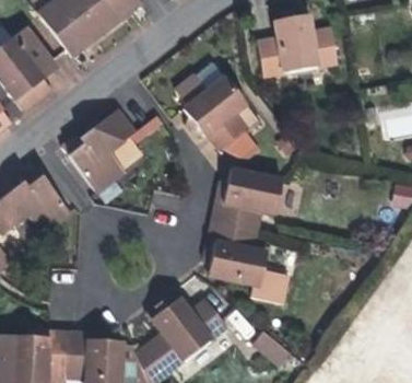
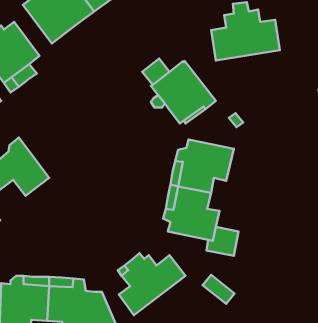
building: [60,108,141,190] -> none

